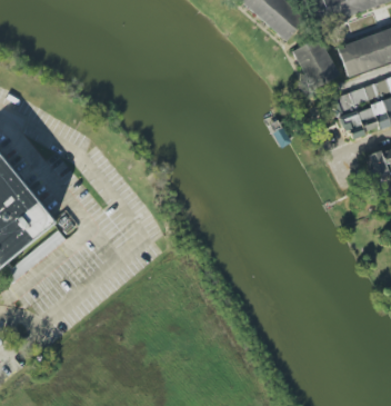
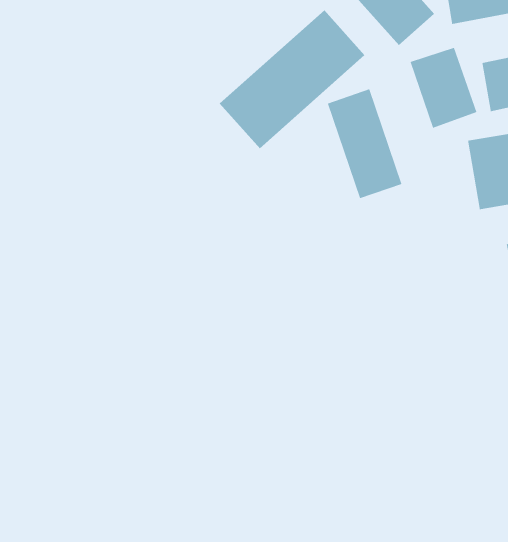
building: none -> [219,10,365,149]
building: none -> [327,88,403,199]

